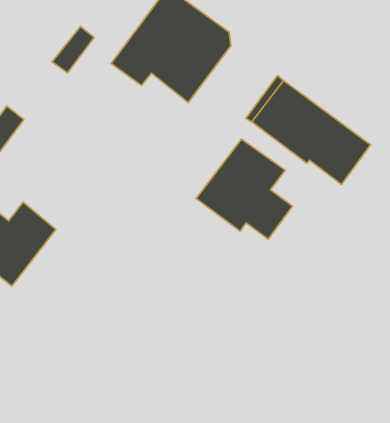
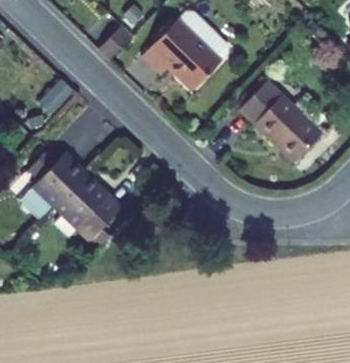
building: [196,139,293,239] -> none
building: none -> [52,171,120,240]

